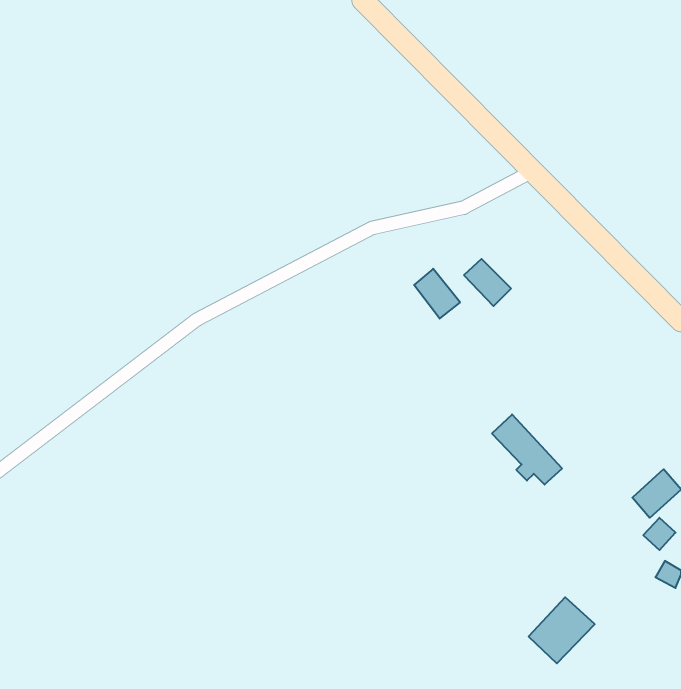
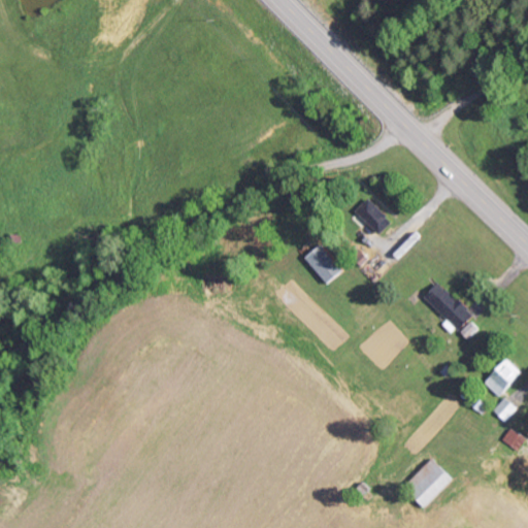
building: [414,269,460,319] -> [306,244,341,283]
building: [492,414,562,485] -> [422,282,475,335]

